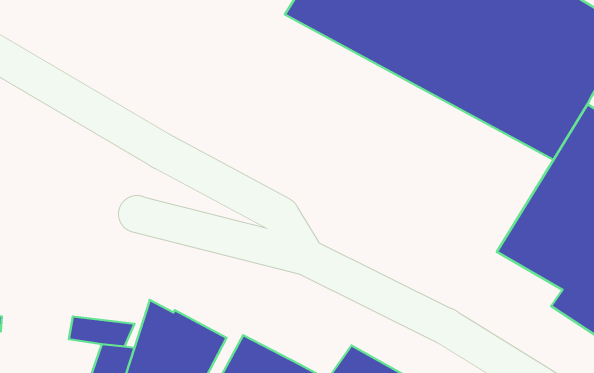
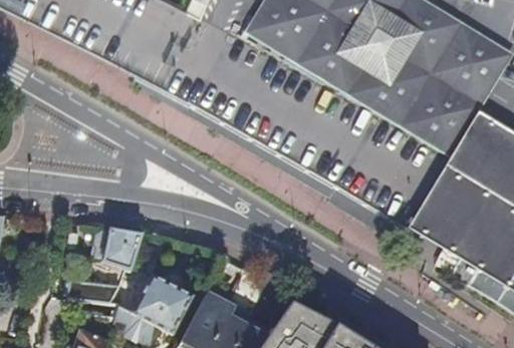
building: none -> [96,229,143,269]

